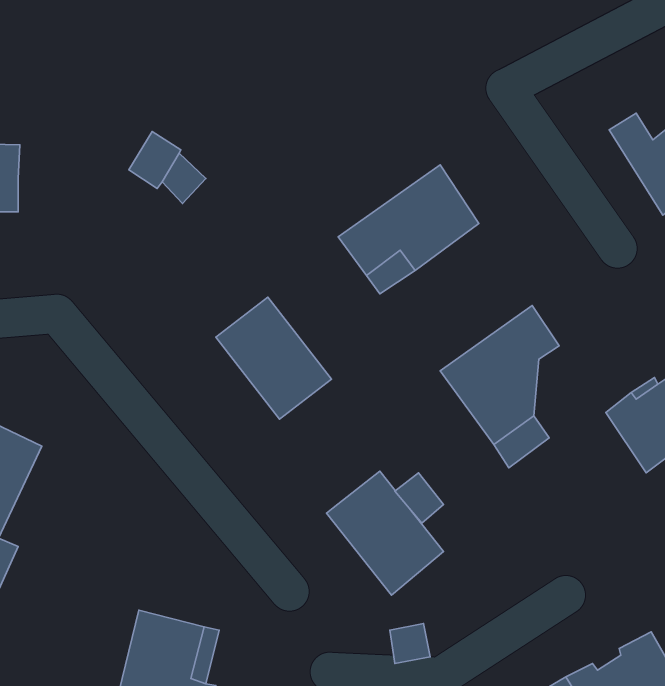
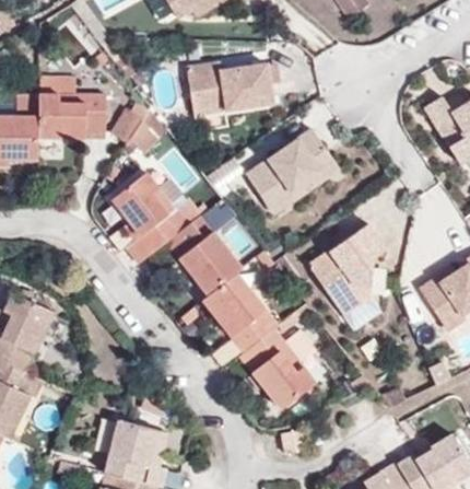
building: none -> [190,61,275,112]
building: none -> [37,92,106,138]
building: none -> [111,172,200,255]
building: none -> [201,272,277,352]

